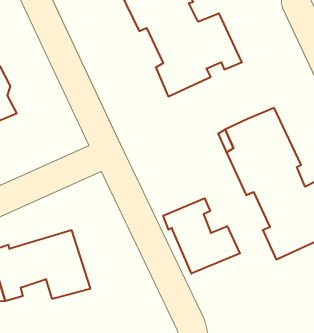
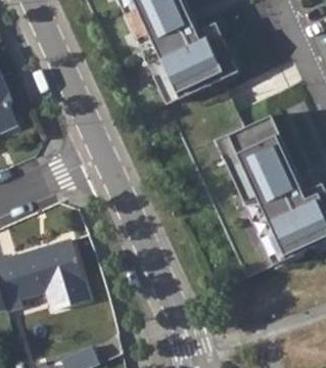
building: [163,198,240,274] -> none

